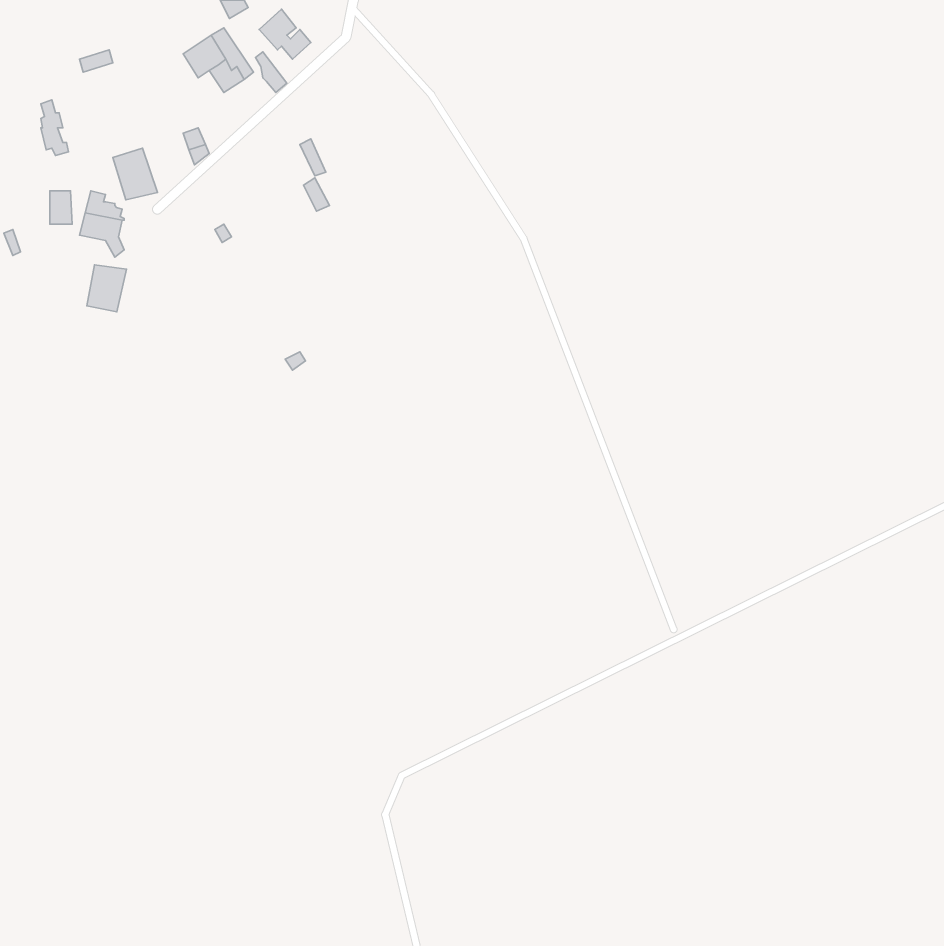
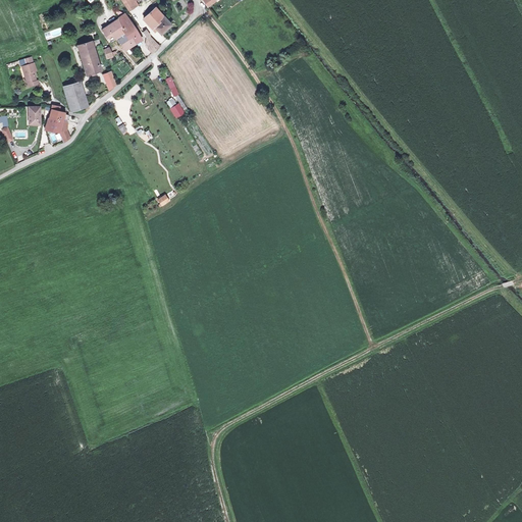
building: none -> [76,41,100,74]
building: [87,265,126,312] -> none

